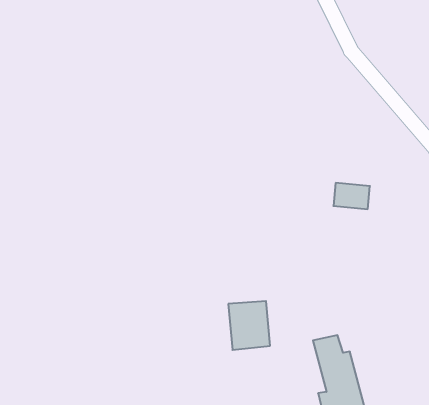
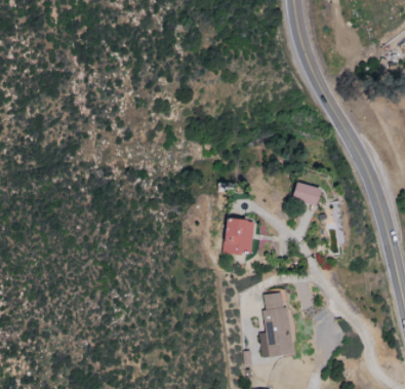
building: [228,301,270,350] -> [225,219,254,254]

